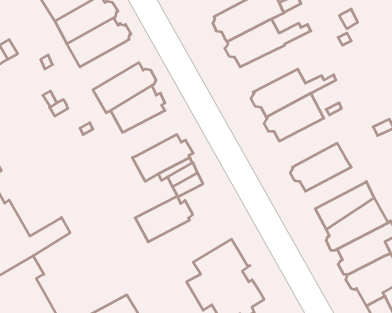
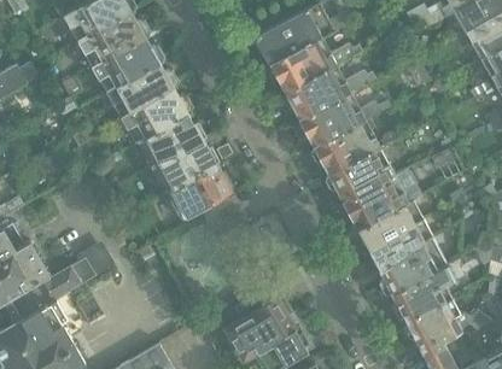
building: none -> [106,63,176,117]
building: none -> [281,68,375,119]
building: none -> [325,148,391,203]
building: none -> [356,200,424,248]
building: [135,196,193,242] -> [153,140,217,191]

